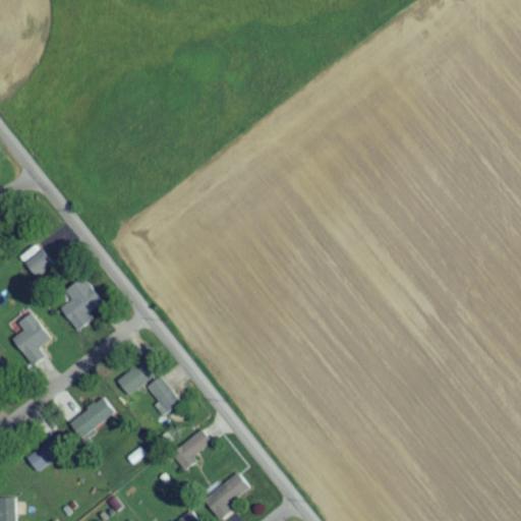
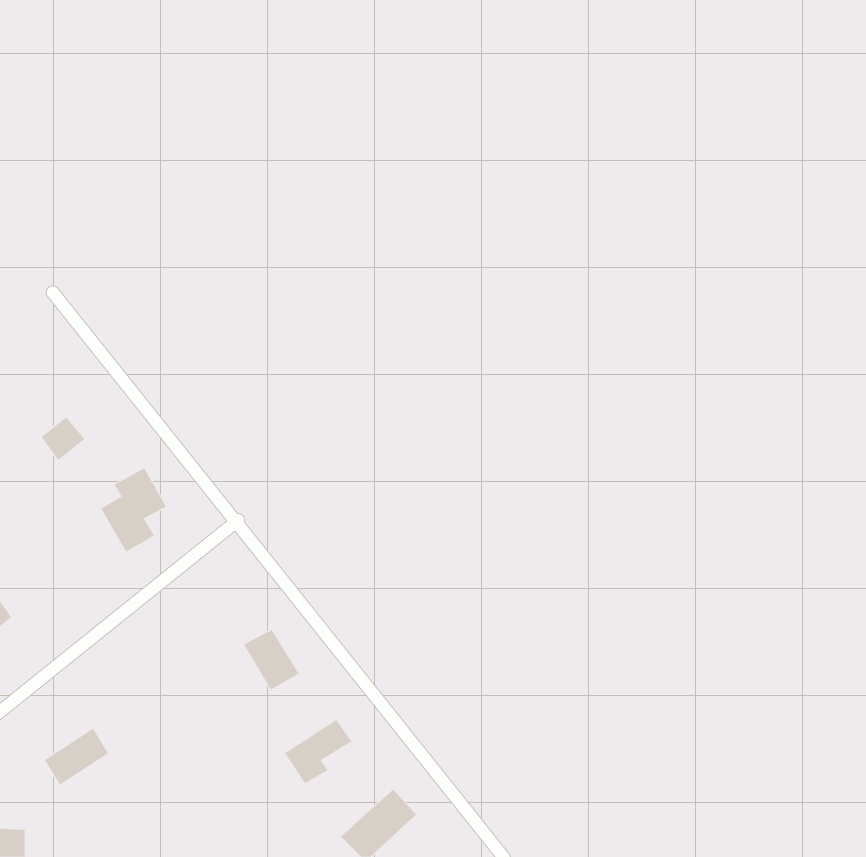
building: [10,317,51,362] -> none
building: [116,359,156,396] -> none
building: [68,395,115,441] -> none

